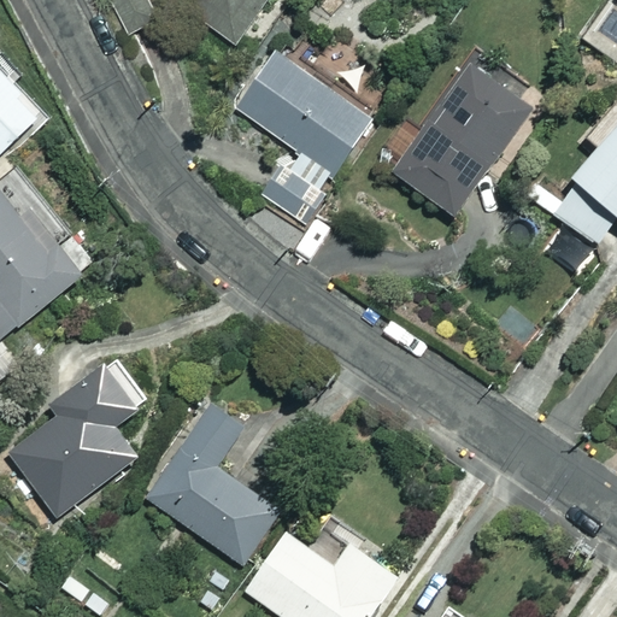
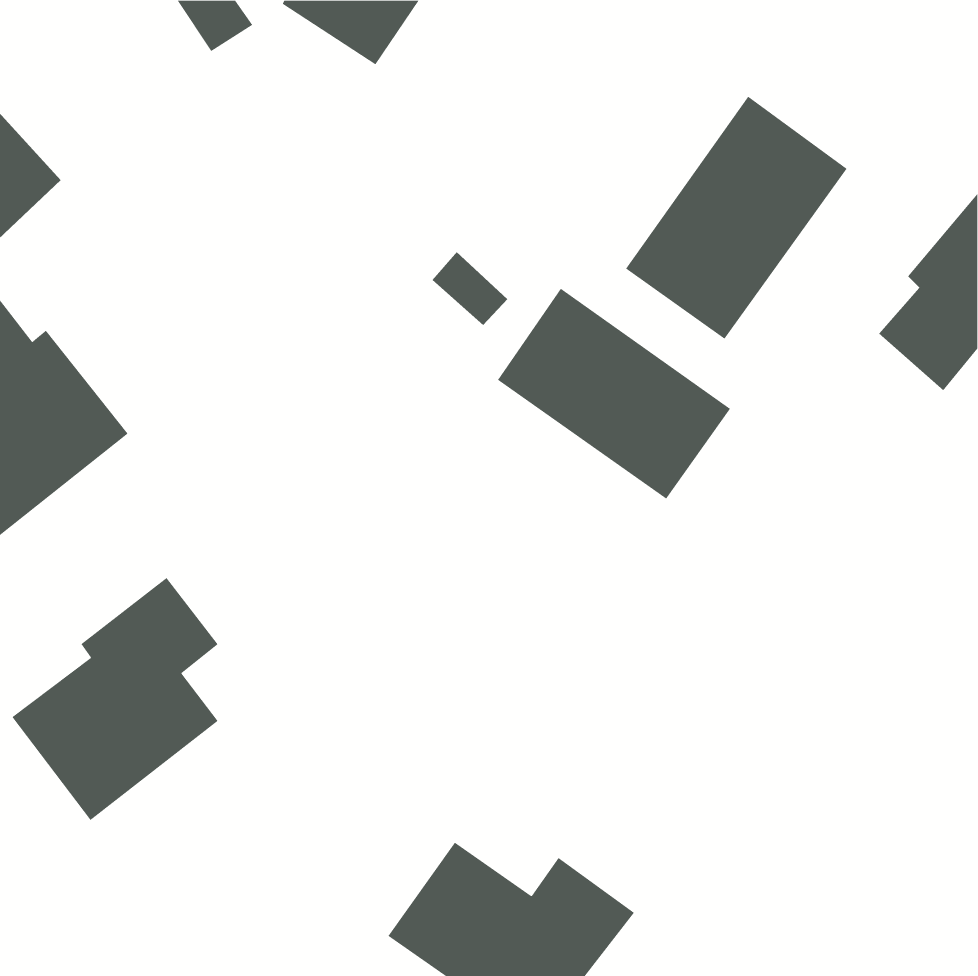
building: [236,52,372,177] -> none
building: none -> [497,288,731,499]
building: [142,400,278,564] -> none

